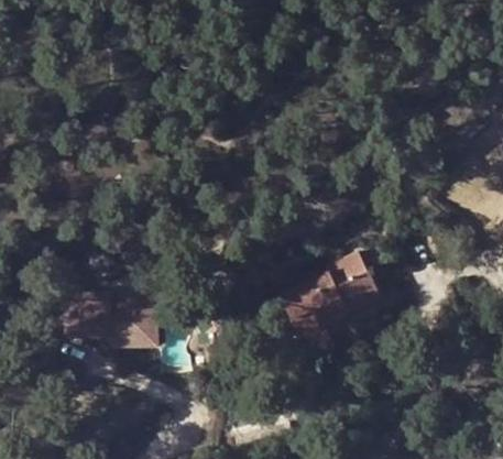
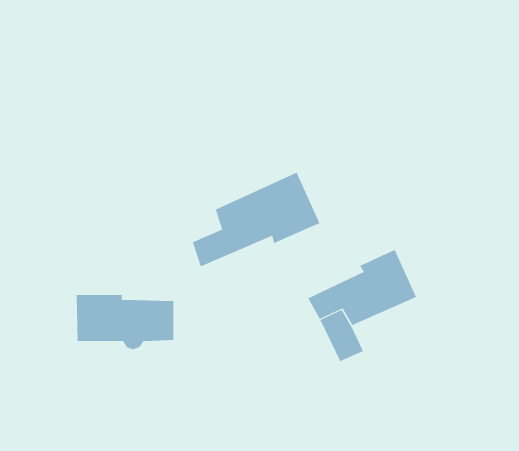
building: none -> [192,172,320,267]

